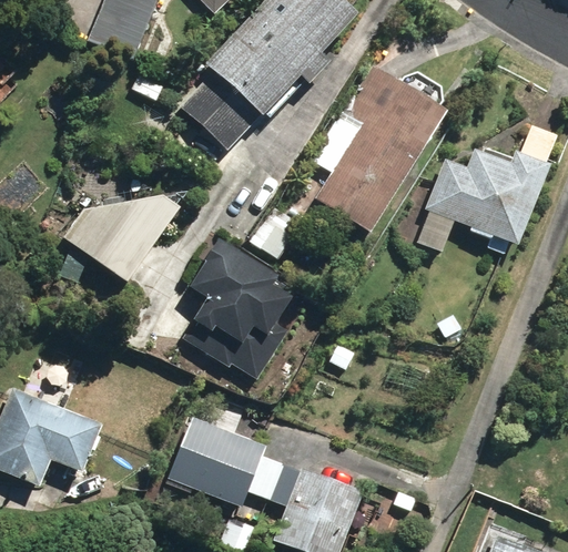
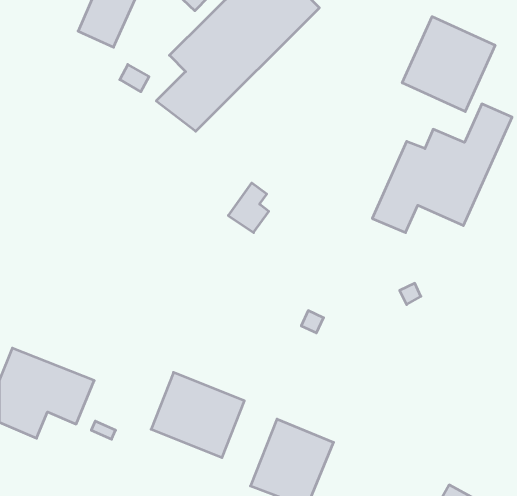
building: none -> [402,17,495,112]
building: [297,61,445,219] -> none
building: [70,196,190,285] -> none
building: [193,239,302,379] -> none

